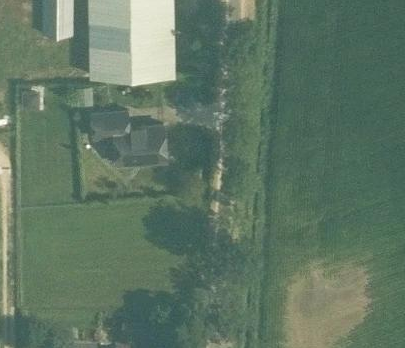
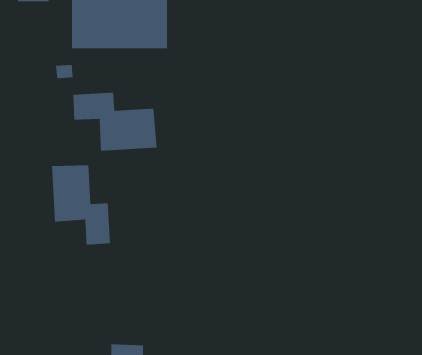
building: none -> [51,165,111,245]

